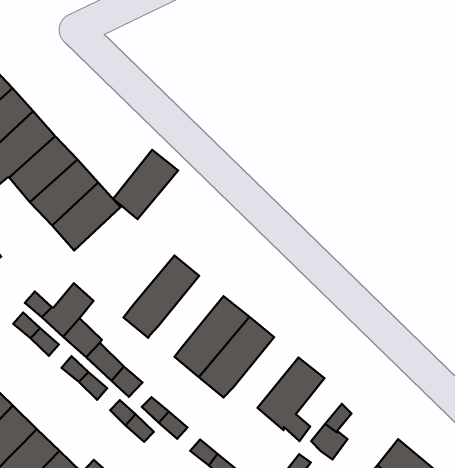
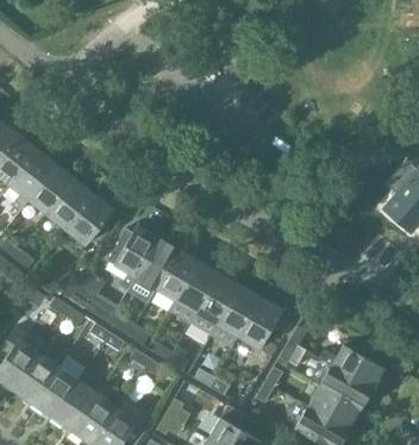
building: [113,150,178,219] -> [114,226,158,278]
building: none -> [155,250,199,303]
building: none -> [211,286,261,347]

